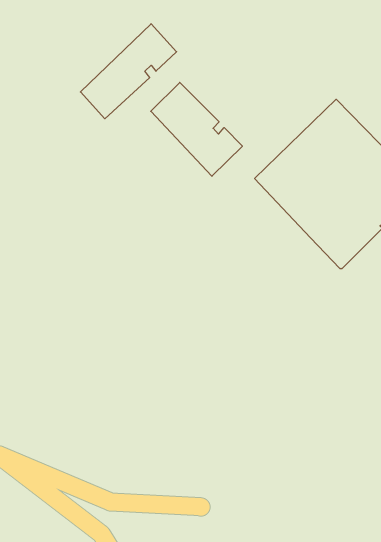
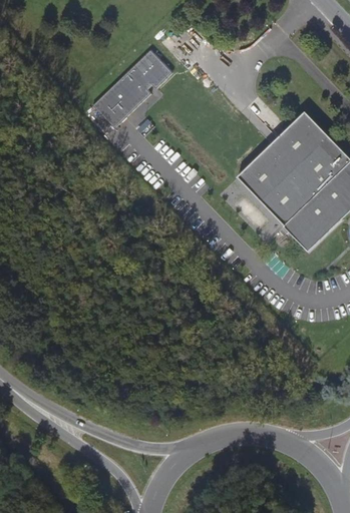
building: [151,82,242,176] -> none

